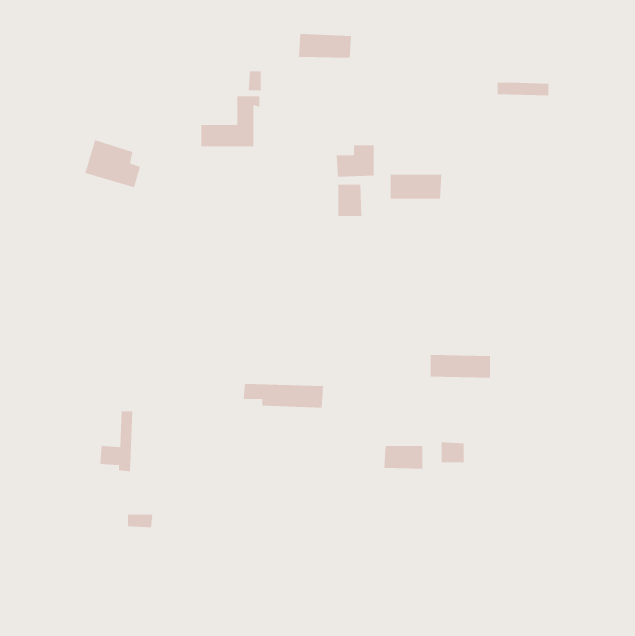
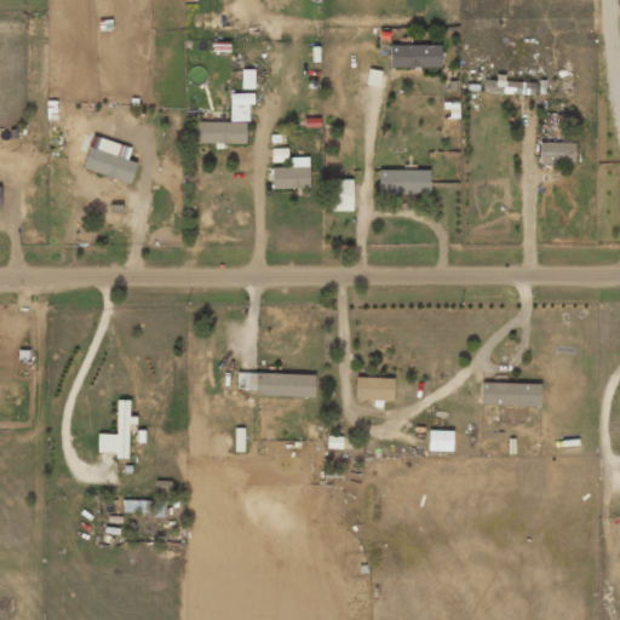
building: [298,33,352,58] -> [390,44,442,68]
building: [336,145,374,177] -> [272,157,310,189]
building: none -> [540,143,575,165]
building: [430,355,491,378] -> [482,383,541,406]
building: [383,446,423,469] -> [356,378,395,401]

